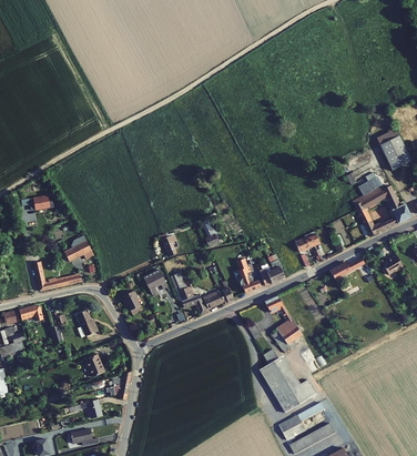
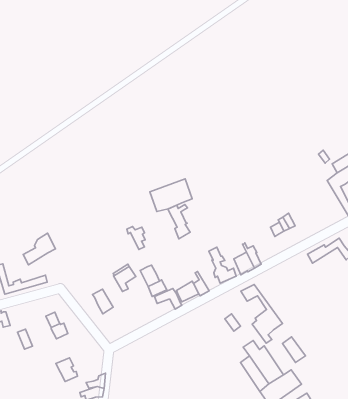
building: none -> [150,179,192,212]

